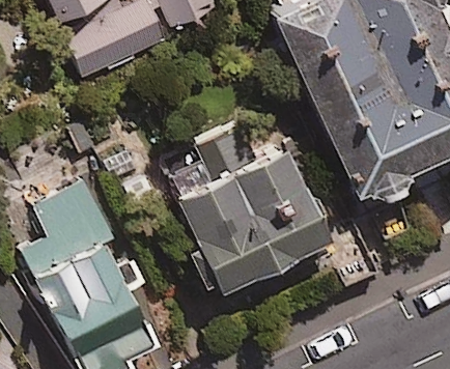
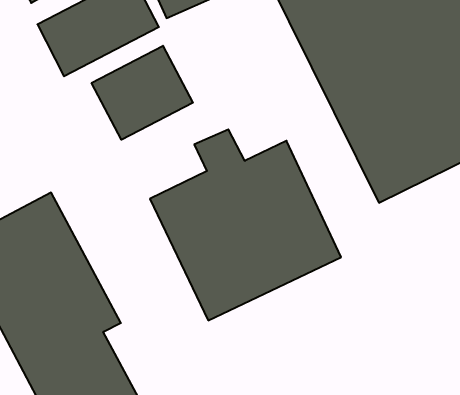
building: none -> [92,46,193,140]

